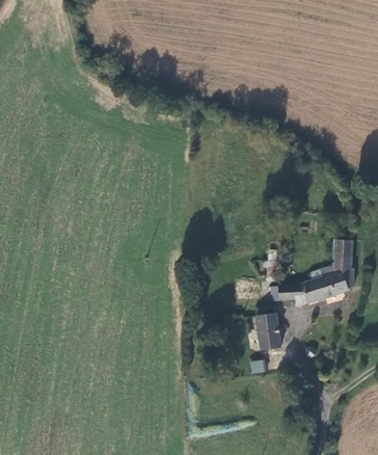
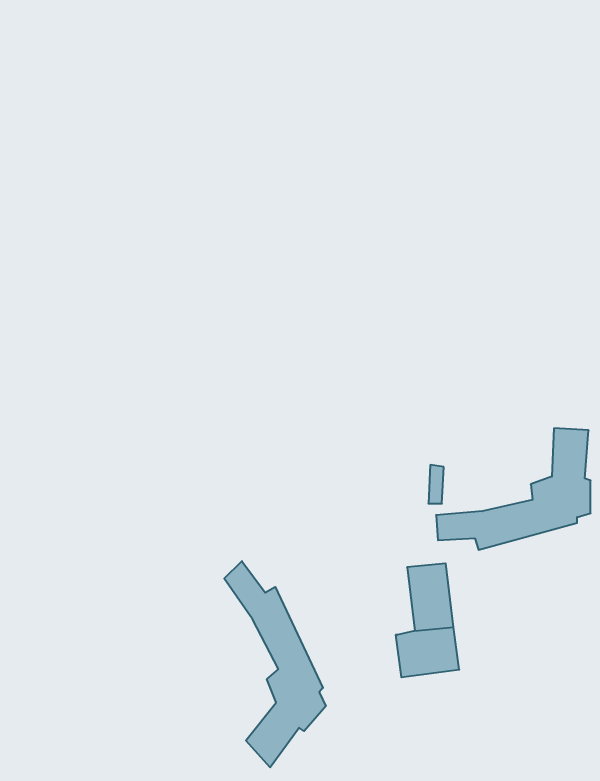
building: none -> [224,561,326,767]

